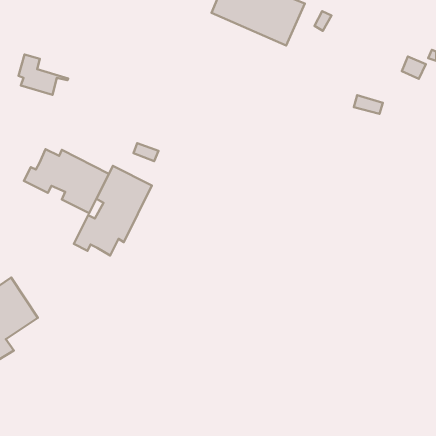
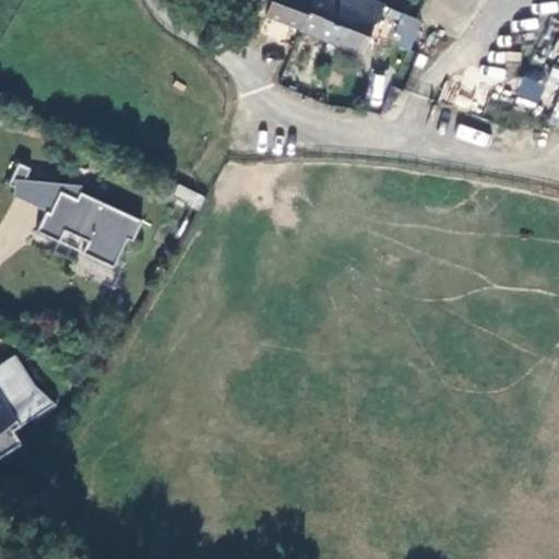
building: [18,55,68,95] -> [7,156,70,207]
building: [74,166,152,255] -> none

